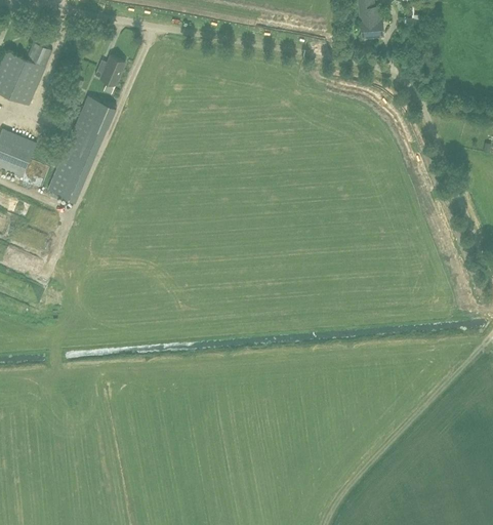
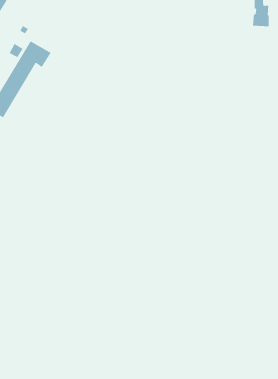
building: [94,55,124,85] -> none

